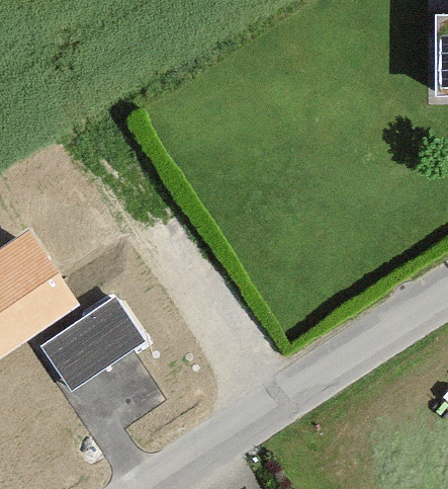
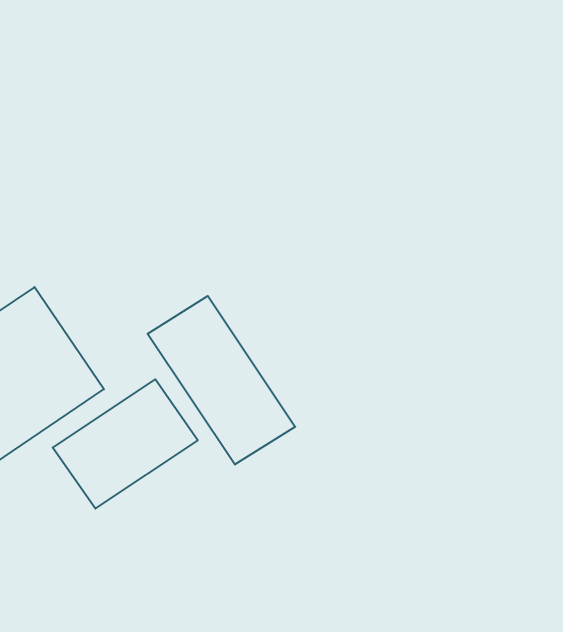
building: none -> [148,296,295,465]

